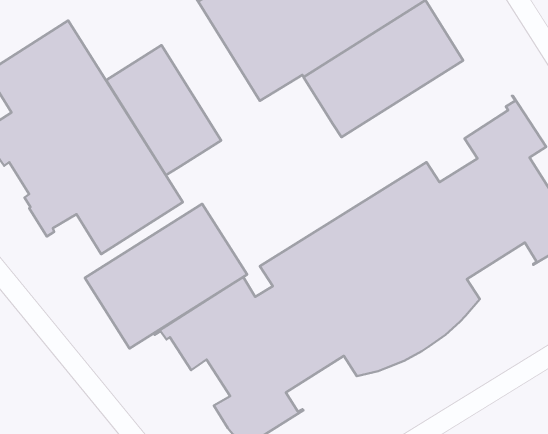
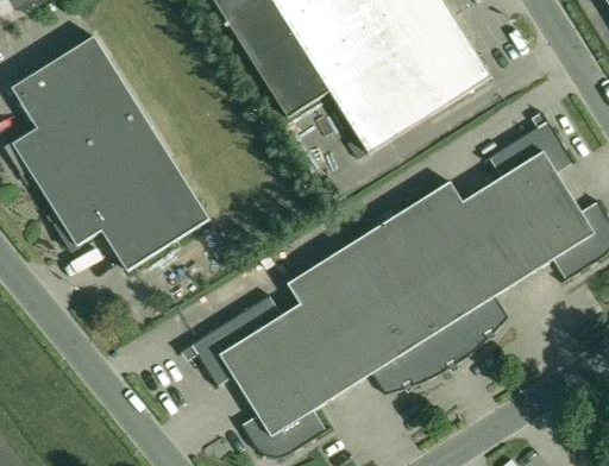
building: [106,45,221,175] -> none
building: [85,204,247,348] -> none

